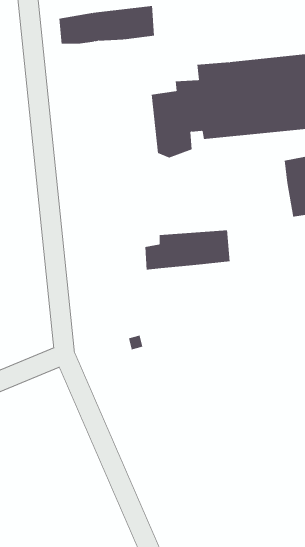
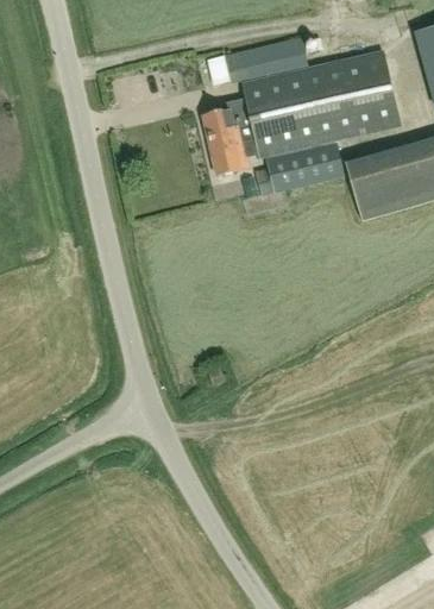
building: [58,5,155,44] -> [207,34,308,87]
building: [144,230,231,270] -> [256,142,346,194]

